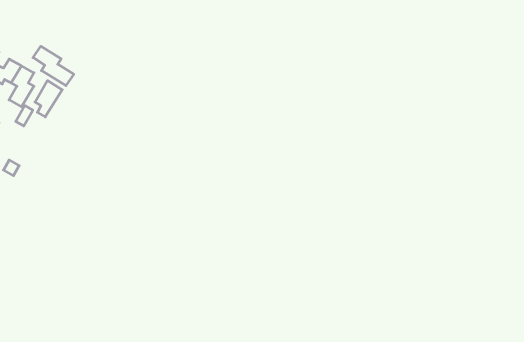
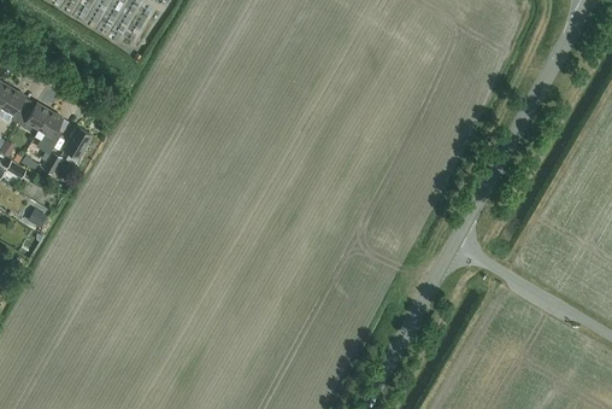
building: [33,46,74,86] -> none

